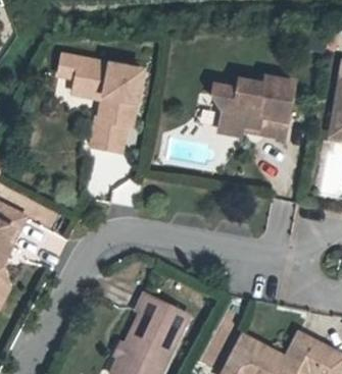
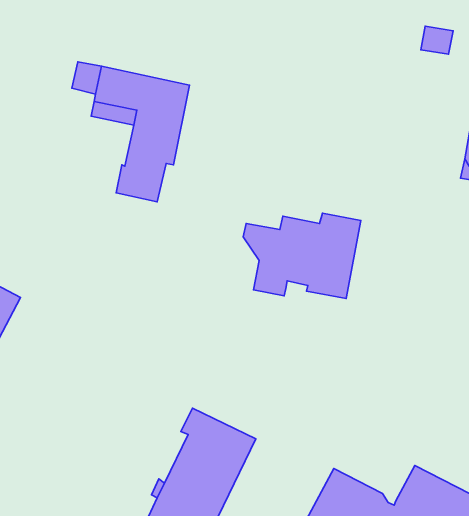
building: [211,76,293,136] -> [243,213,361,299]

